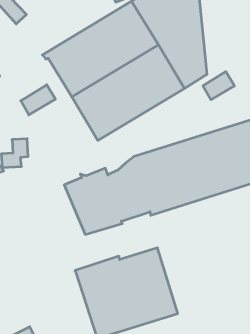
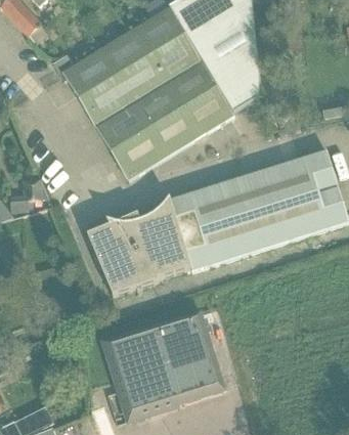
building: [203,72,234,100] -> none
building: [21,85,55,115] -> none

